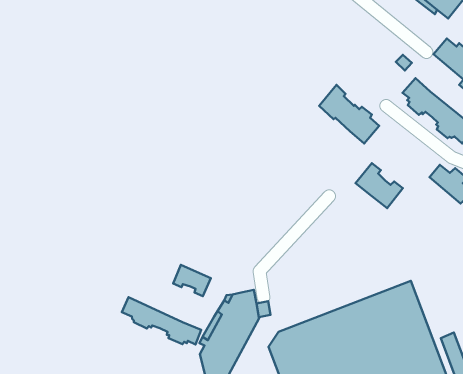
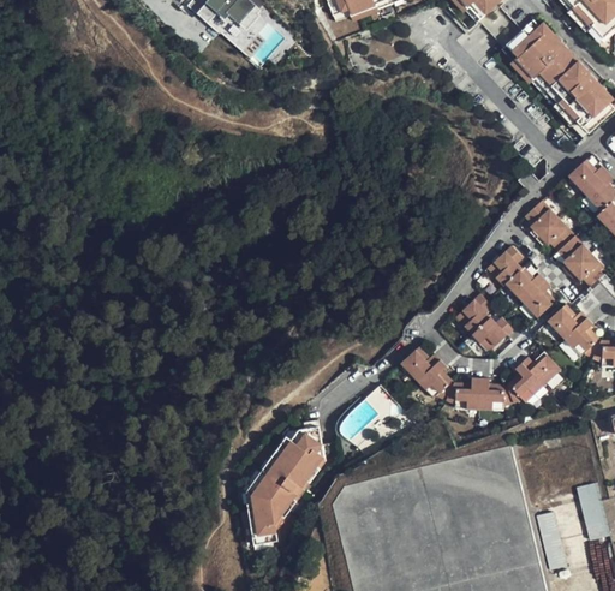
building: [319,85,379,143] -> [486,246,556,321]
building: none -> [405,352,550,414]
building: [173,265,211,296] -> none
building: [122,297,201,345] -> none

